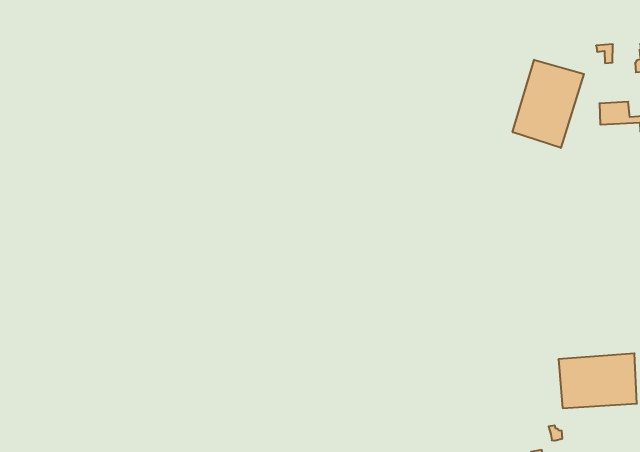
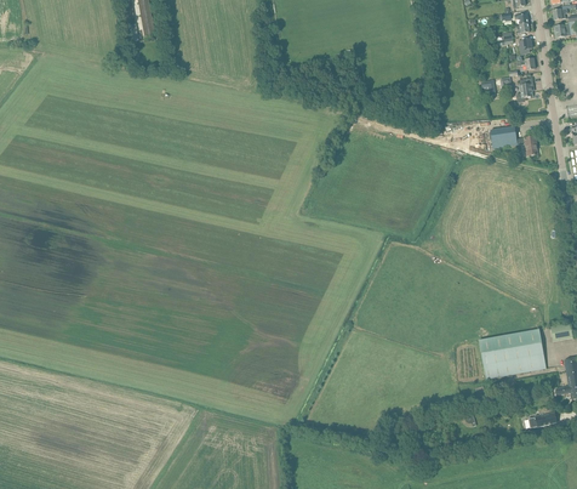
building: [513,60,584,148] -> none

